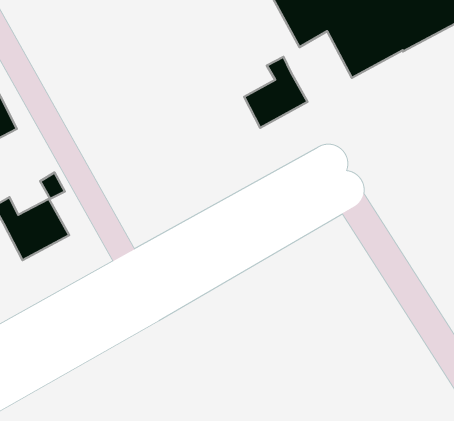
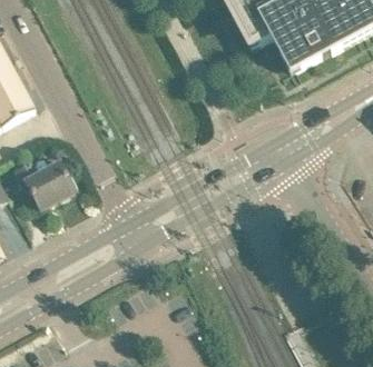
building: [244,57,308,128] -> none

